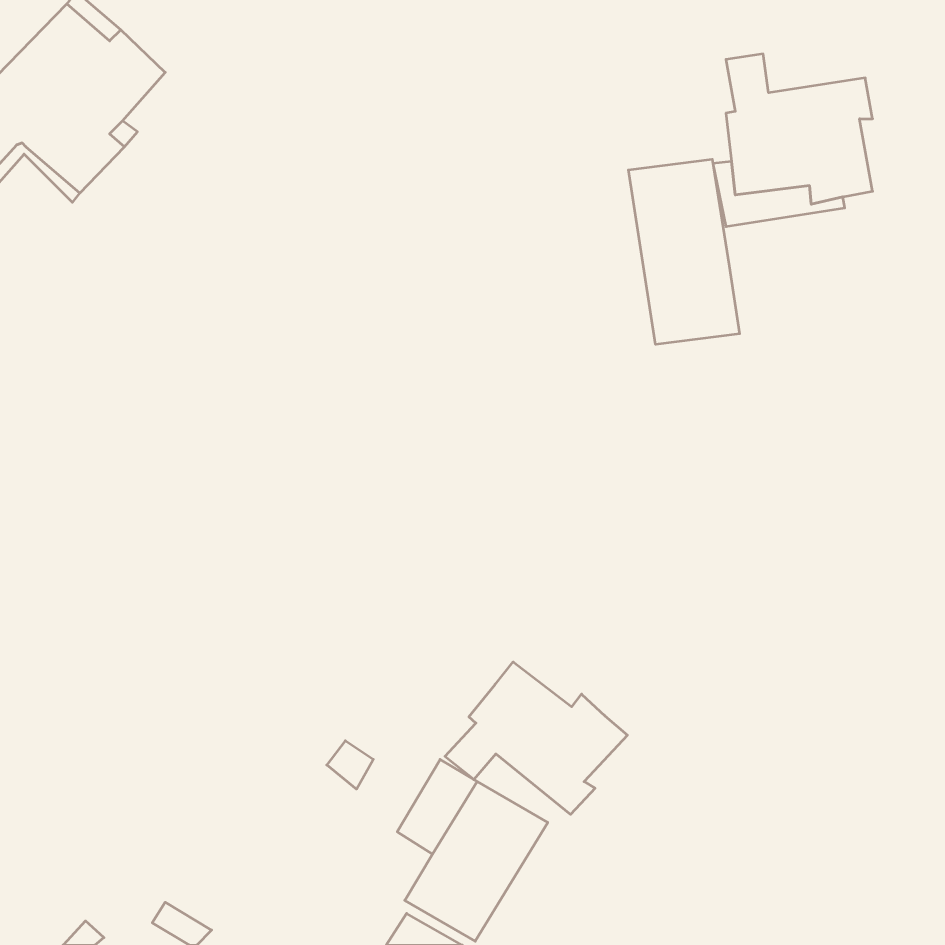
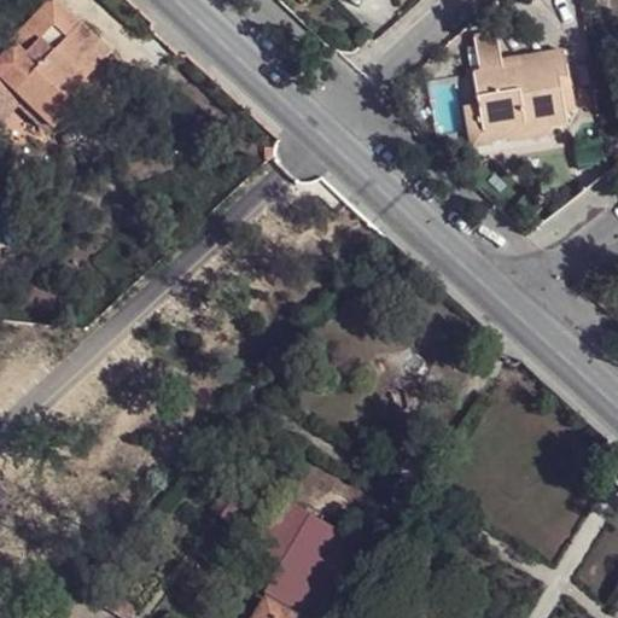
building: [628,159,740,344] -> none
building: [445,662,627,814] -> none

